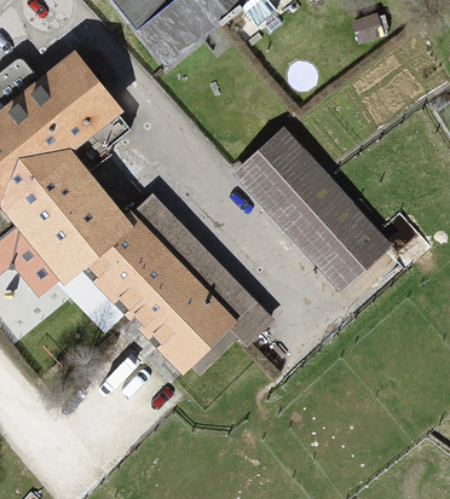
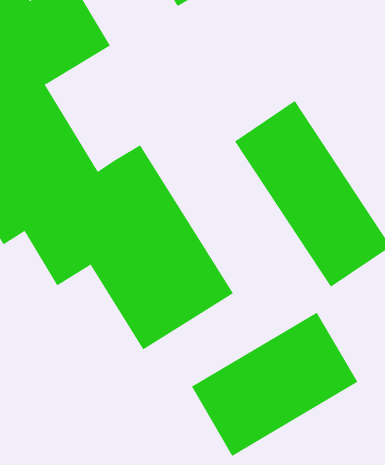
building: none -> [191,312,358,457]

